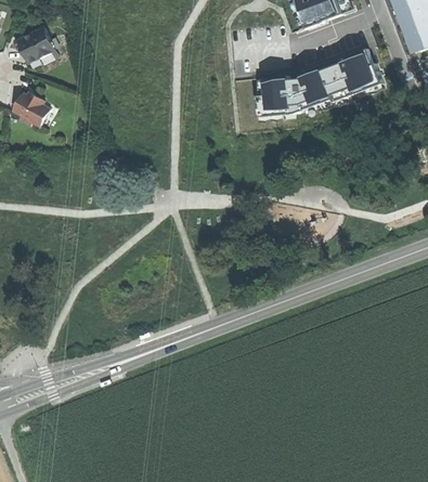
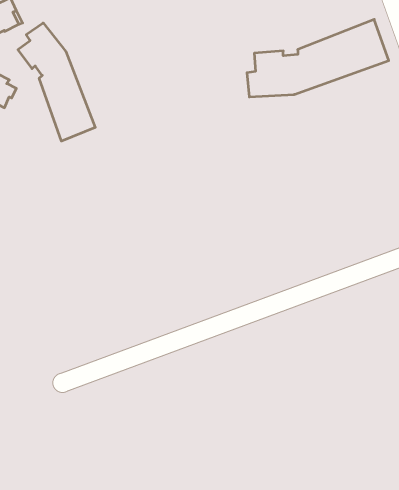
building: none -> [18,23,95,141]

